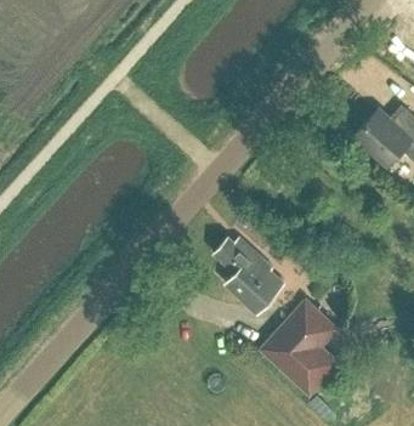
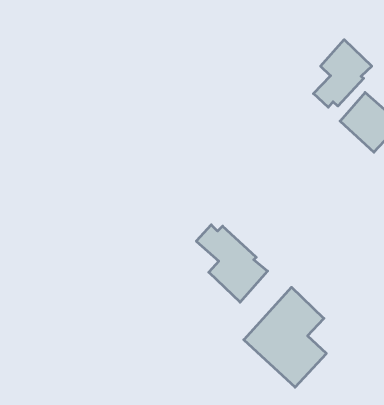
building: none -> [313,40,372,107]

